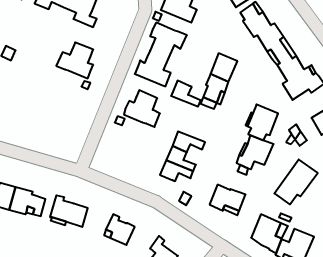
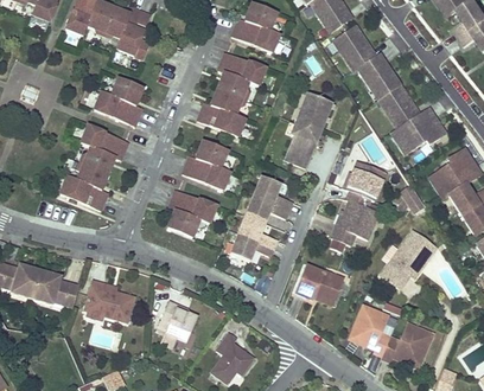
building: none -> [60,126,128,210]
building: [171,81,201,107] -> [254,175,293,210]
building: none -> [168,190,217,237]

